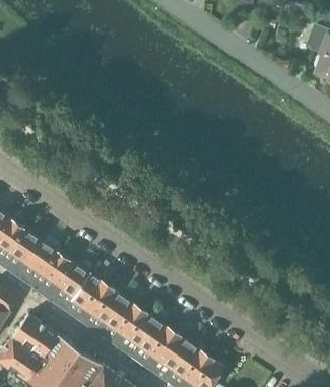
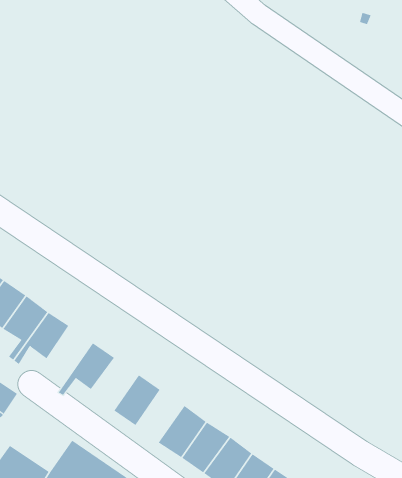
building: [39,251,72,300] -> none
building: [69,274,106,313] -> none
building: [104,298,139,336] -> none
building: [11,315,57,358] -> none

